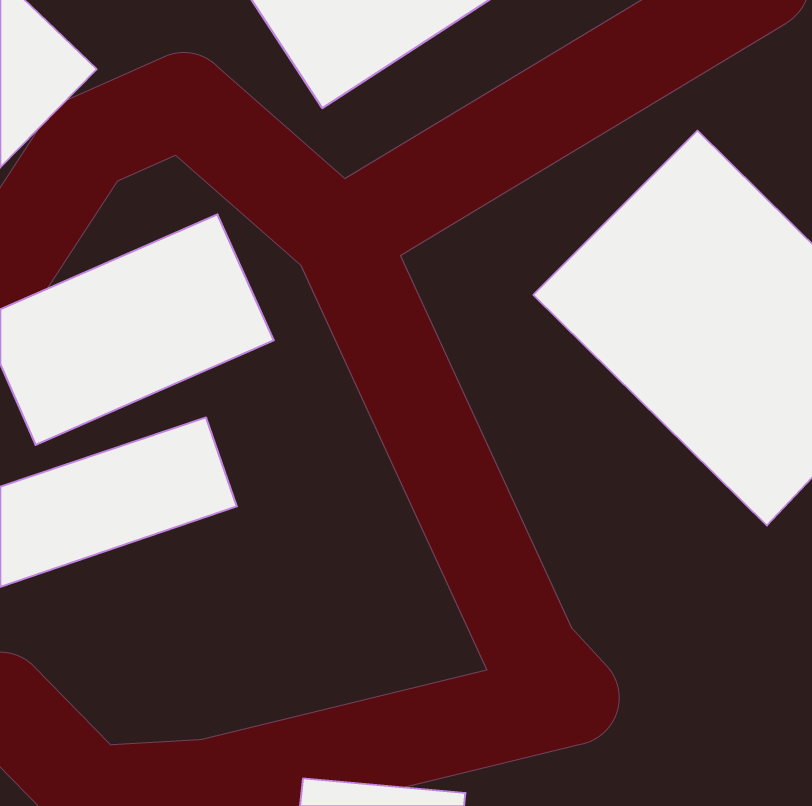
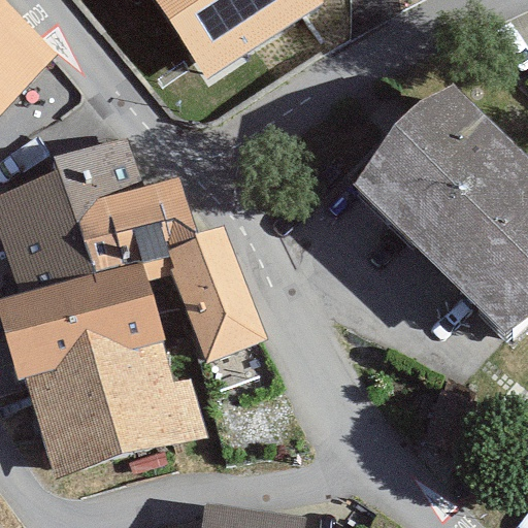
building: none -> [162,230,265,368]
building: none -> [26,342,198,472]

